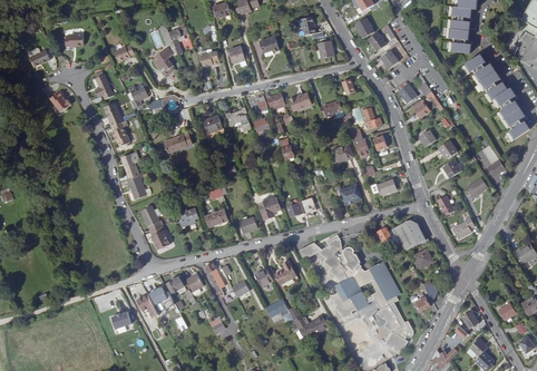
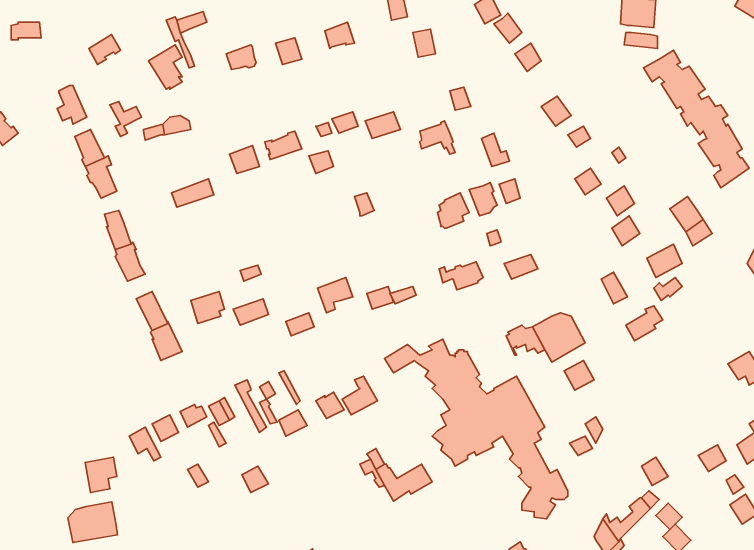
building: none -> [68,502,118,542]

